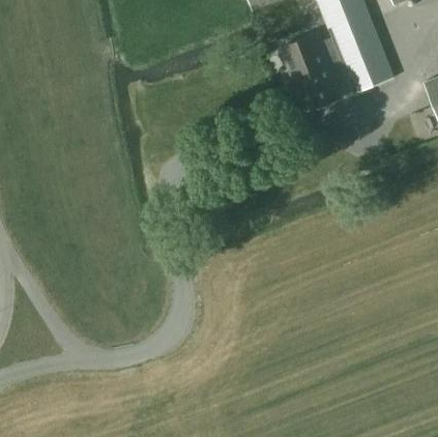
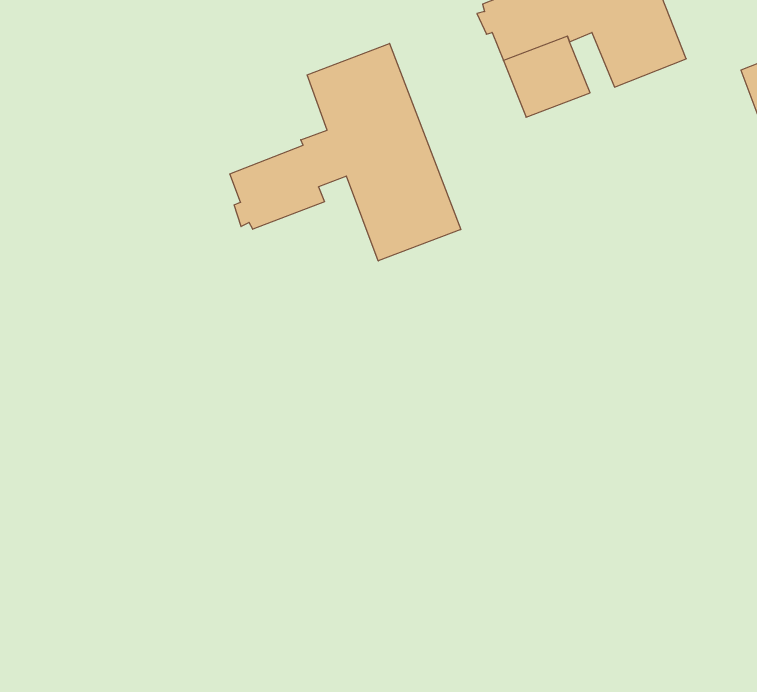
building: none -> [230,43,461,261]

